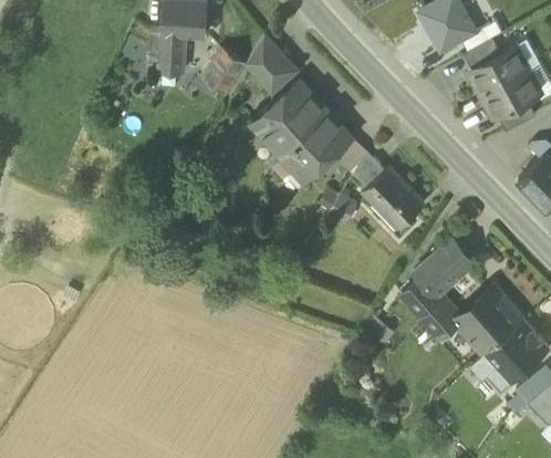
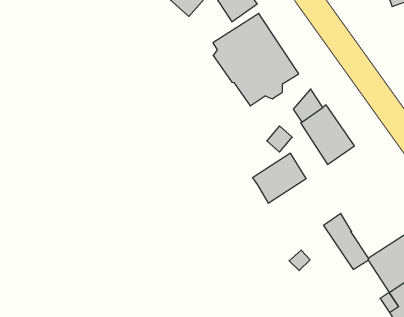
building: [334,138,366,181] -> none
building: [413,241,470,298] -> [252,153,306,203]

